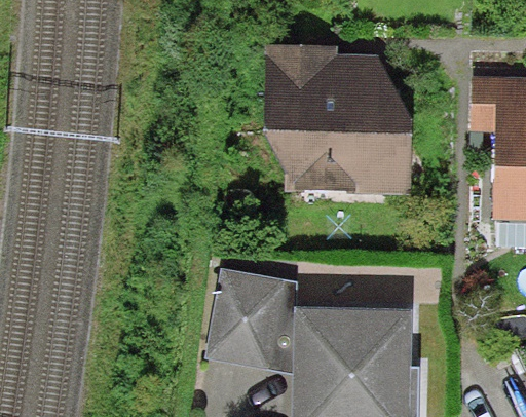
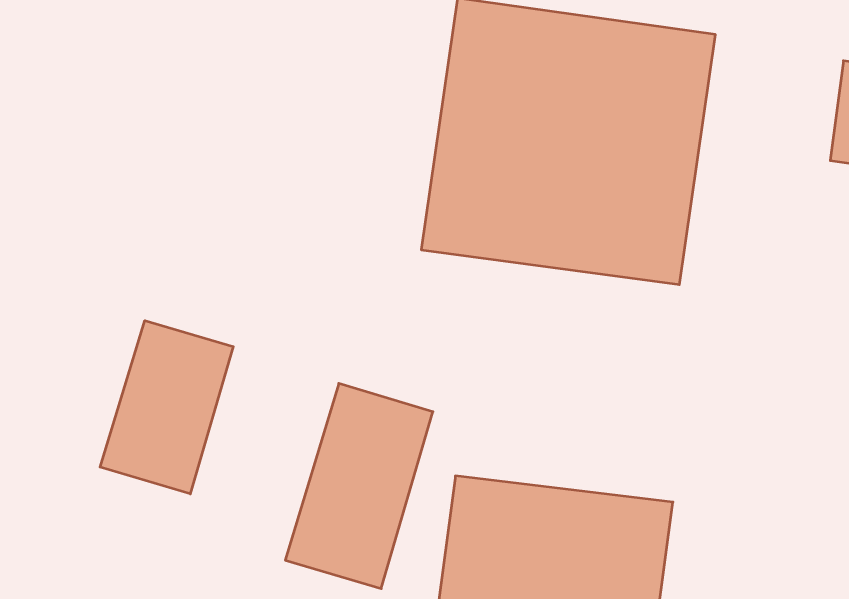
building: none -> [100,321,233,494]

